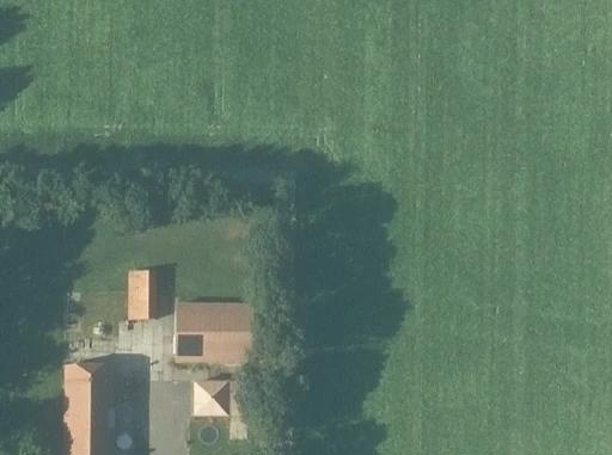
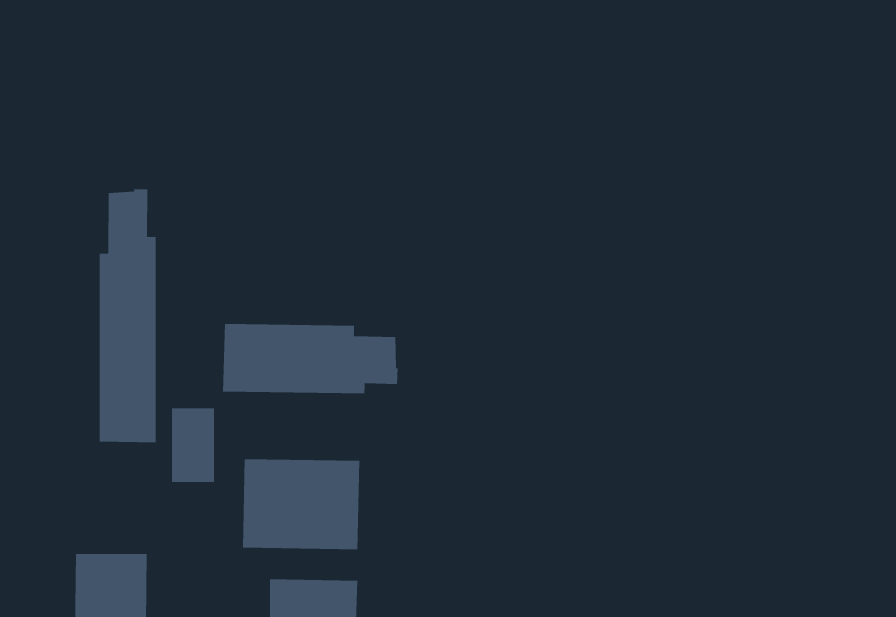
building: none -> [99,189,156,443]
building: none -> [223,323,398,394]

